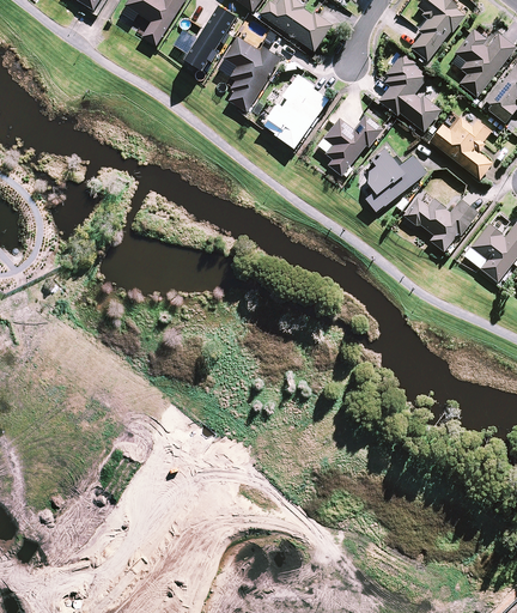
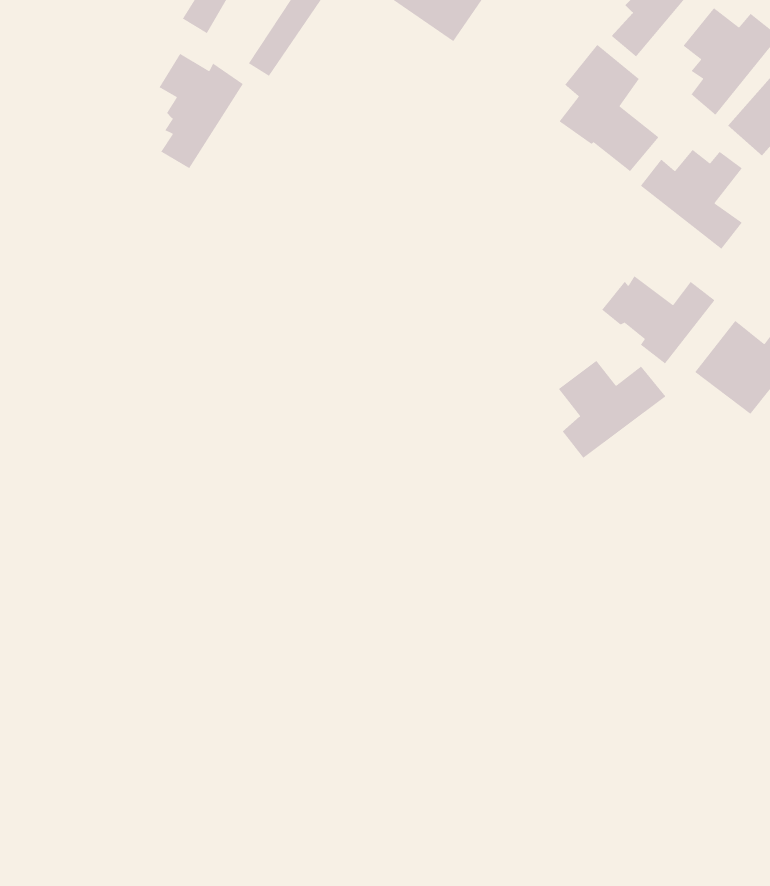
building: [225,38,278,110] -> [158,53,244,169]
building: [262,72,328,147] -> none
building: [322,117,381,178] -> none
building: [359,148,426,210] -> [558,360,666,459]

